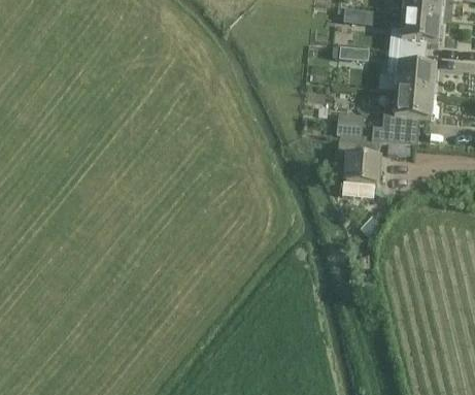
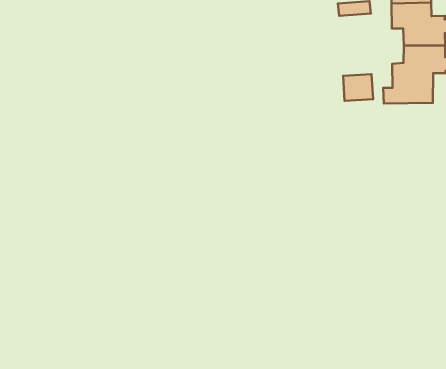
building: [337,141,379,197] -> none

